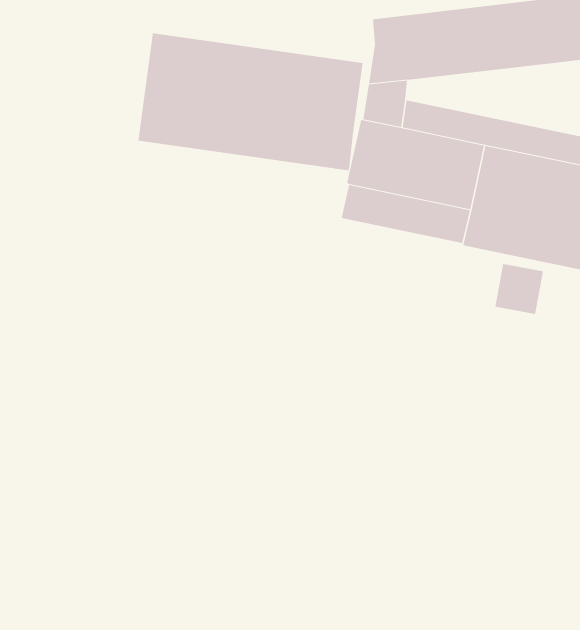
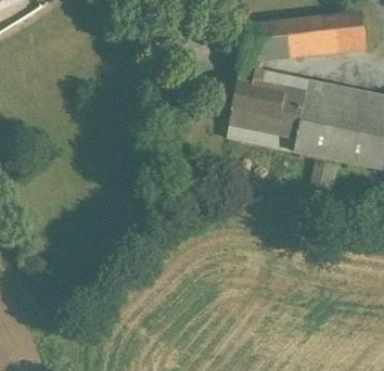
building: [138,33,363,171] -> none

